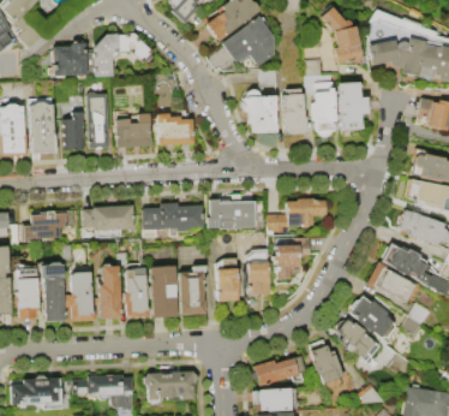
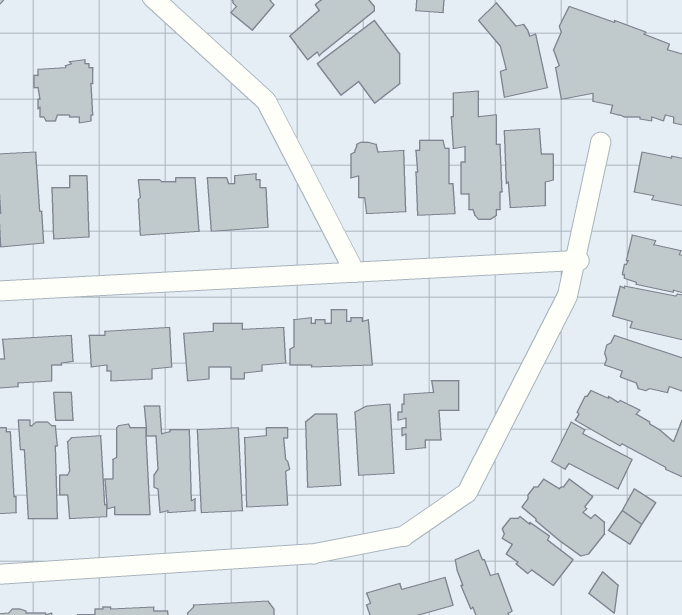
building: [92,32,154,78] -> none
building: [85,93,109,150] -> none
building: [268,197,327,231] -> none

